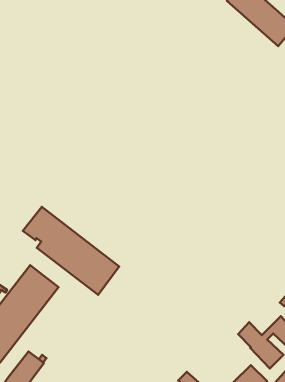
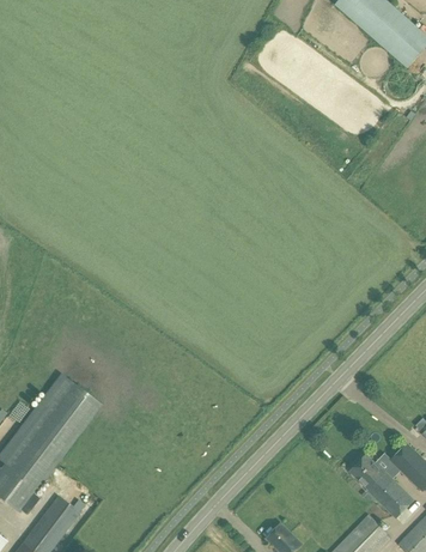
building: [23,207,119,295] -> none

